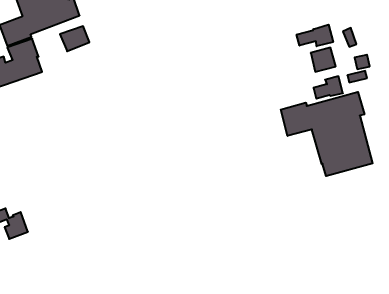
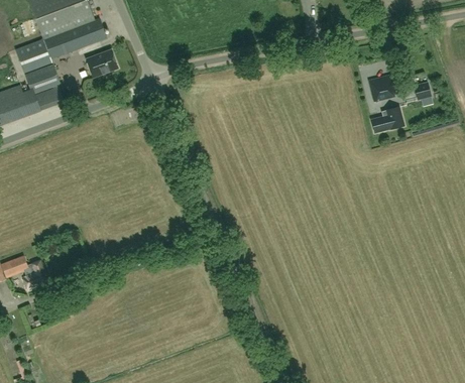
building: [297,25,333,46] -> none
building: [281,92,373,176] -> none

